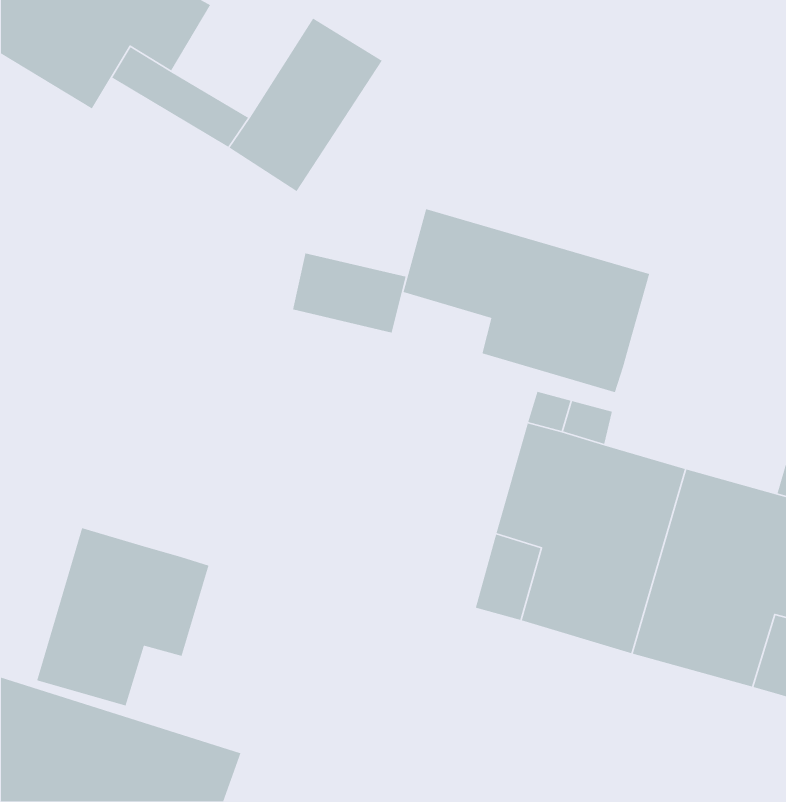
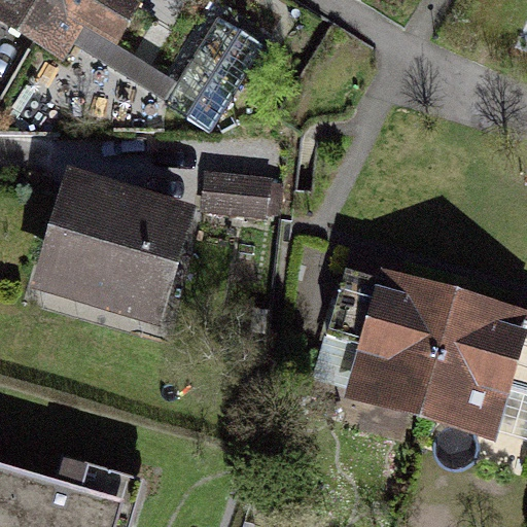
building: [402,208,650,393] -> none
building: none -> [27,175,198,336]
building: [36,527,210,707] -> none

